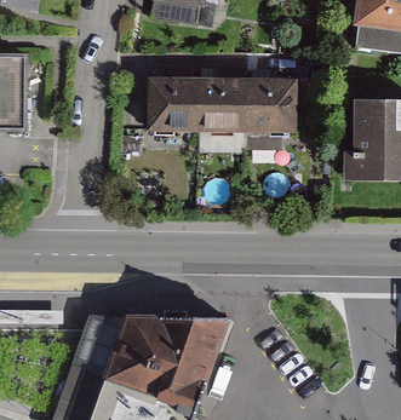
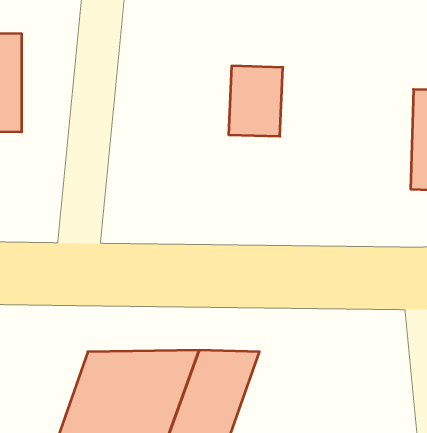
building: [145,79,200,138] -> none
building: [240,82,296,140] -> none

